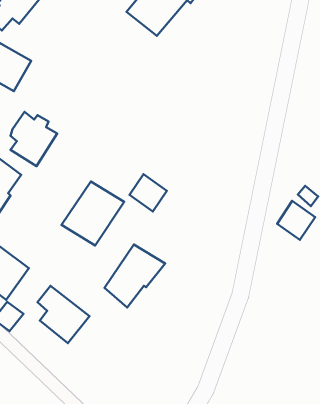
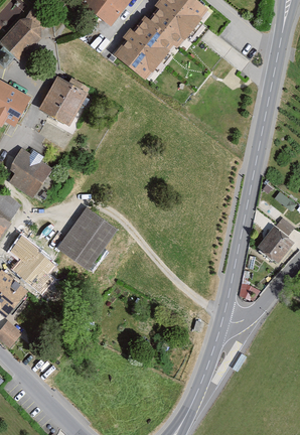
building: none -> [38,76,91,127]
building: [129,174,167,212] -> none
building: [105,245,165,307] -> none
building: [38,286,90,343] -> [8,238,56,291]

